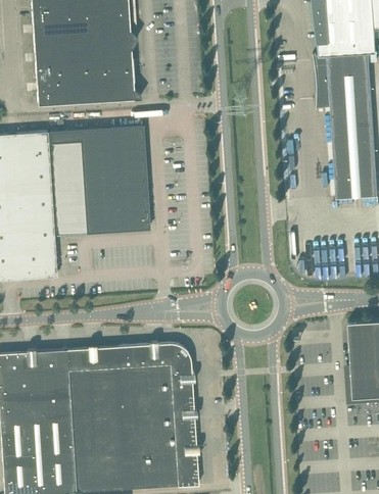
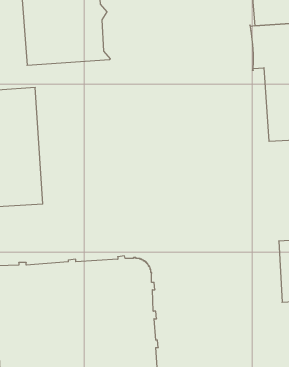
building: [50,128,149,236] -> none

